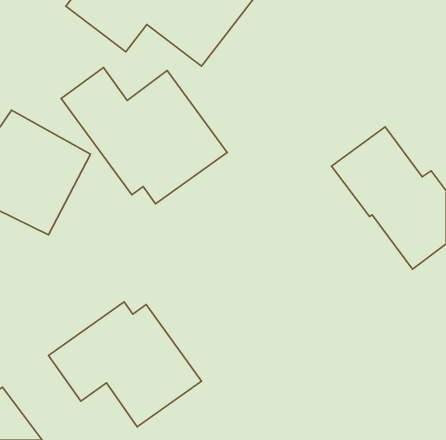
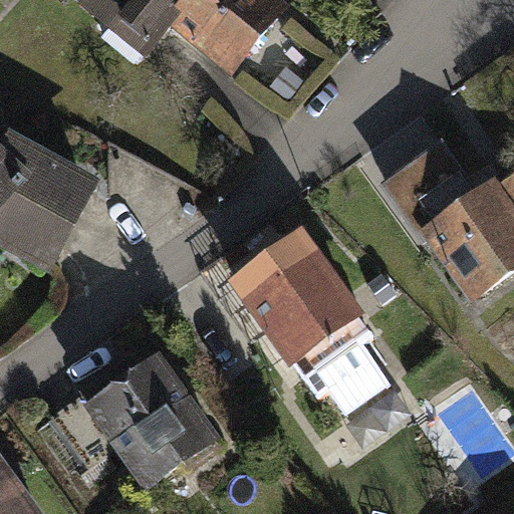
building: [61,67,227,204] -> none
building: none -> [218,216,368,386]

